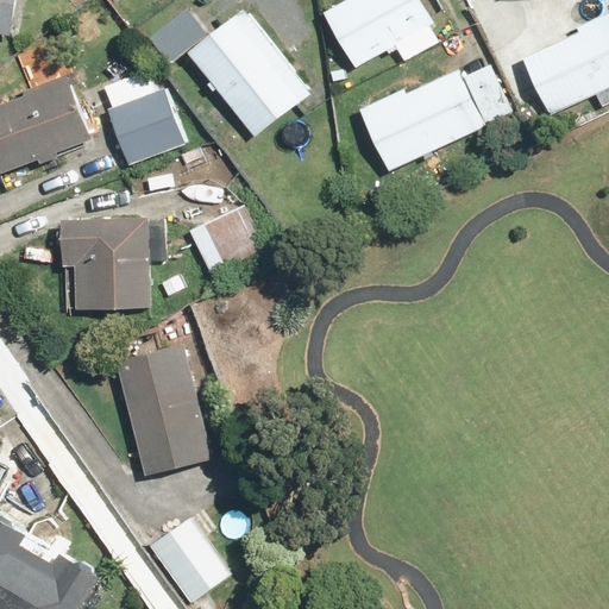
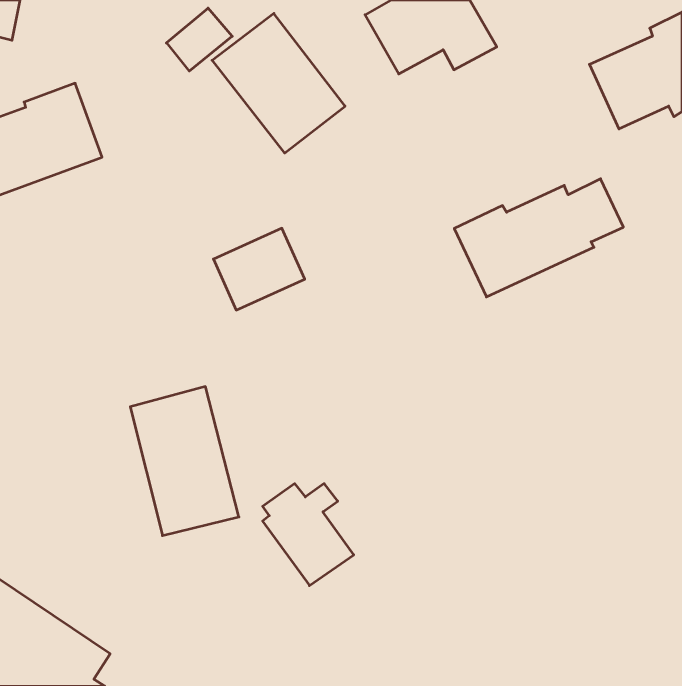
building: [359,64,509,169] -> [454,179,623,297]
building: [103,67,184,164] -> none
building: [61,219,167,308] -> none
building: [149,511,230,602] -> [263,484,354,586]

